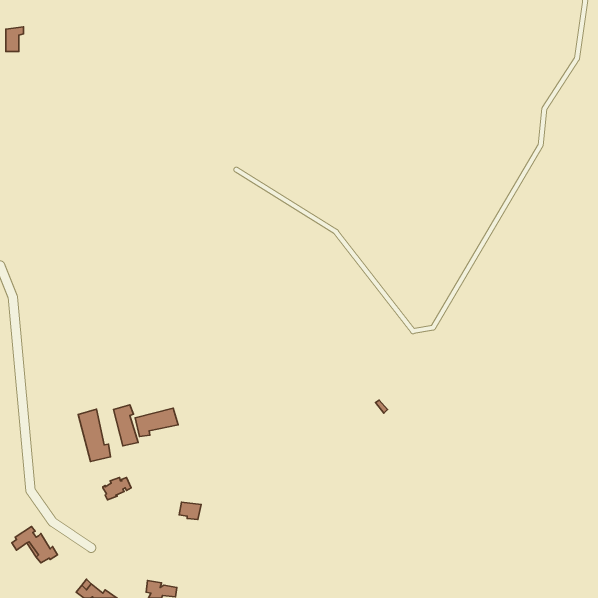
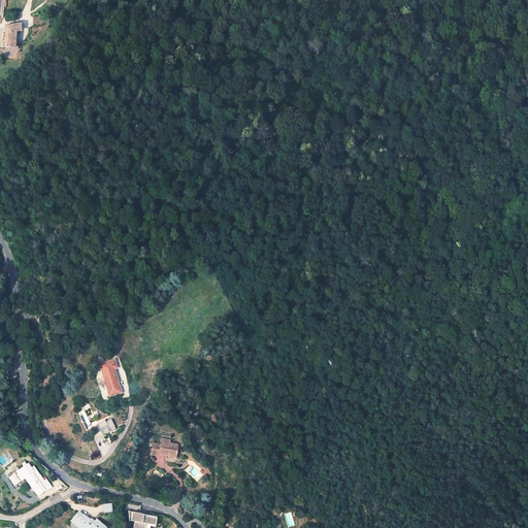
building: [135,408,178,436] -> none
building: [78,409,110,461] -> none

